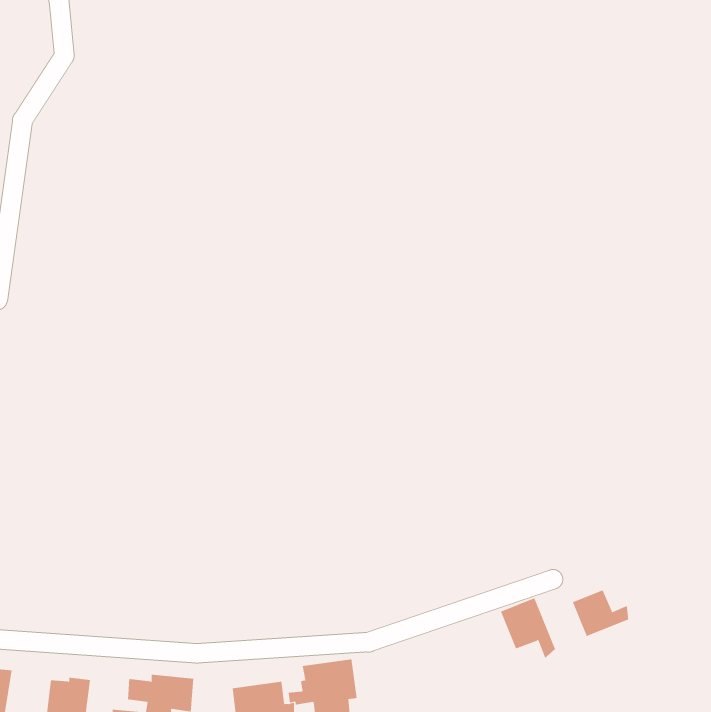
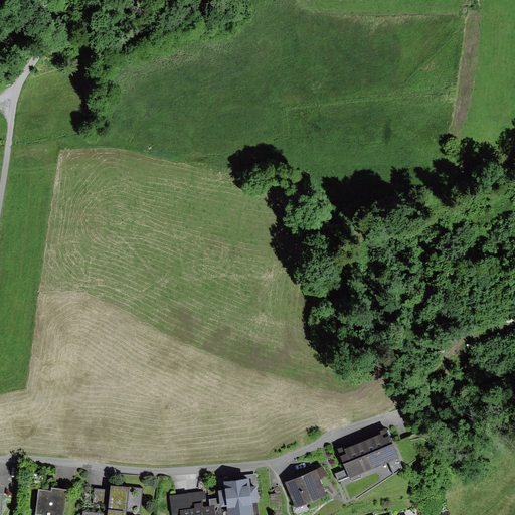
building: [572,589,629,637] -> none
building: none -> [337,442,371,482]
building: none -> [288,465,332,510]

